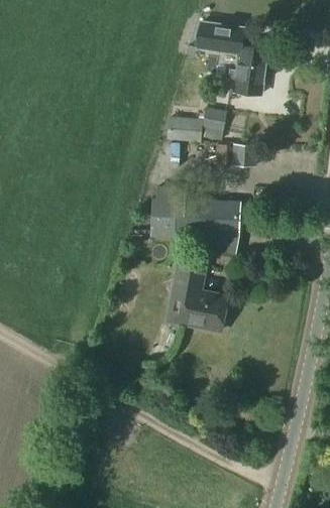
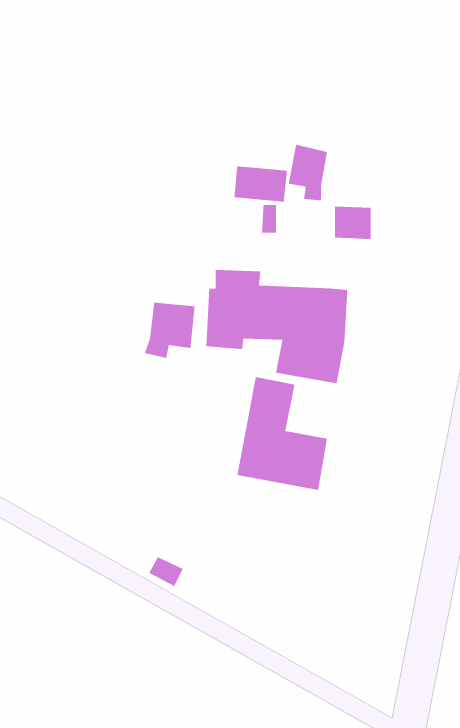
building: [199,17,268,94] -> none
building: none -> [144,302,196,359]

